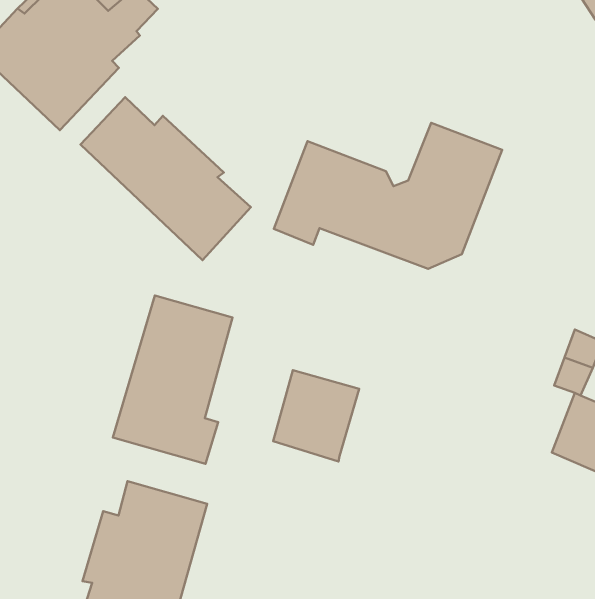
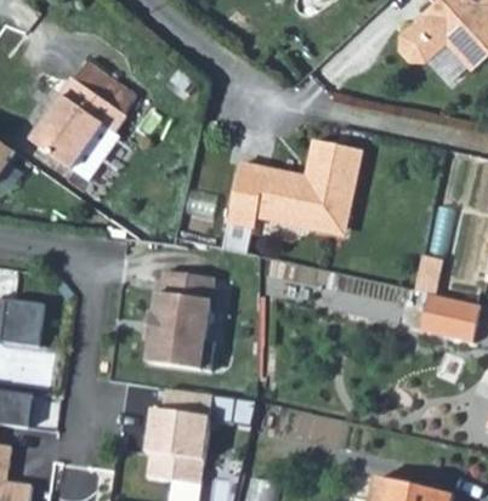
building: [80,97,251,260] -> none
building: [273,370,359,461] -> none

